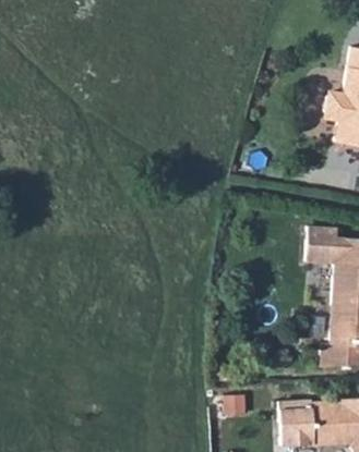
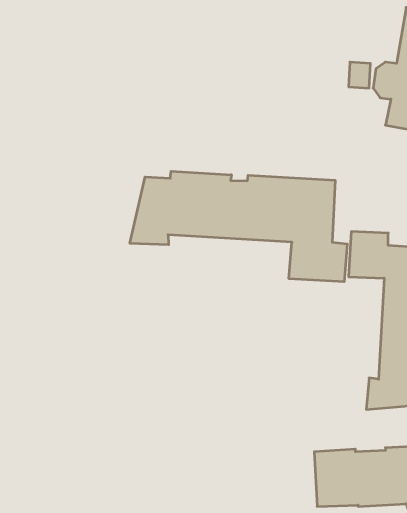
building: none -> [130,171,347,282]

